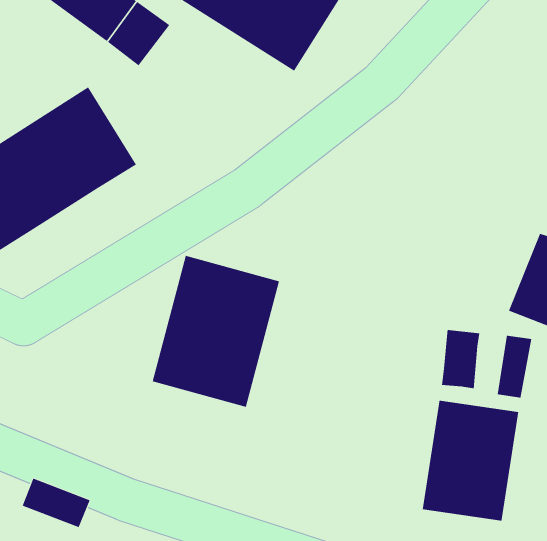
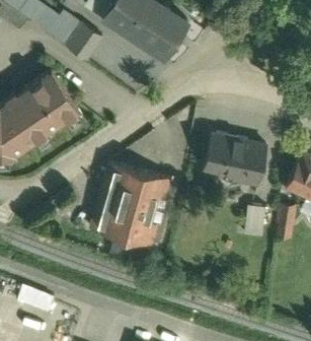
building: none -> [203,132,268,189]
building: [422,400,519,521] -> none

